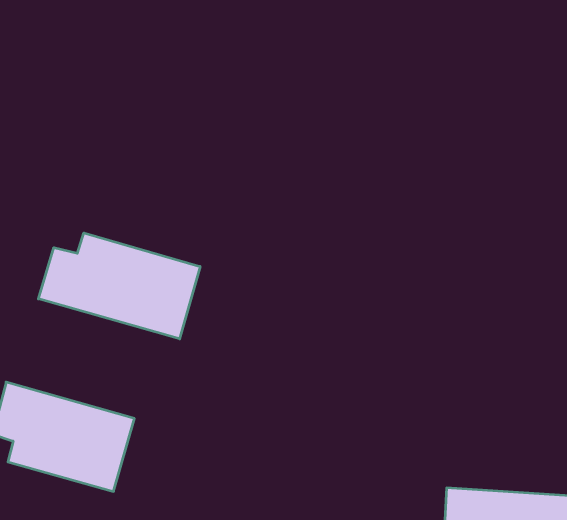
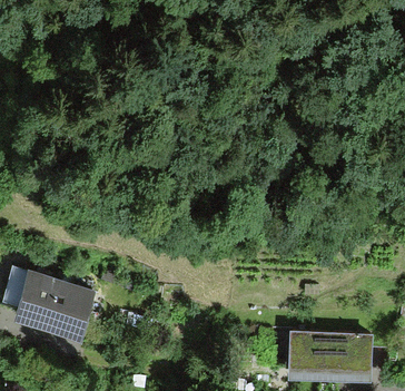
building: [38,233,200,339] -> none

